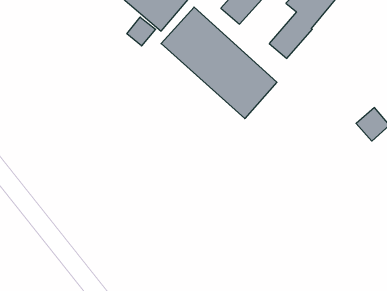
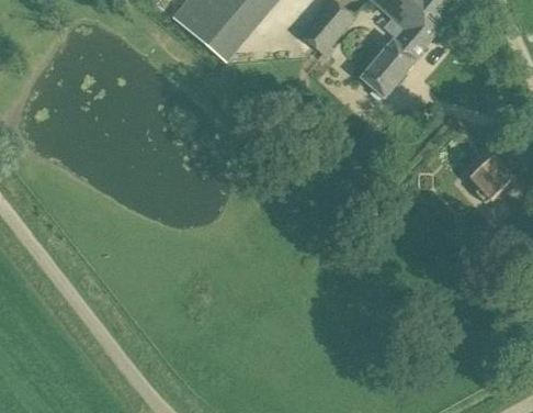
building: [161,7,277,119] -> none
building: [127,17,156,46] -> none

